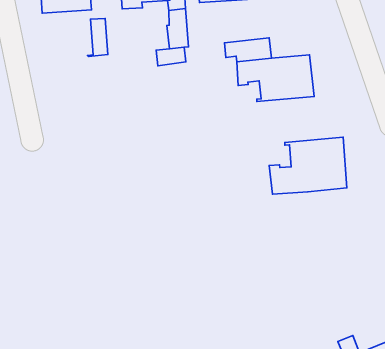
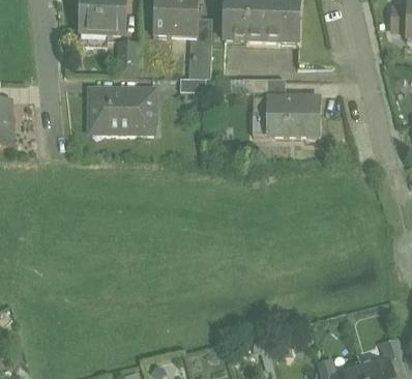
building: none -> [90,87,153,130]
building: [269,137,347,194] -> none

